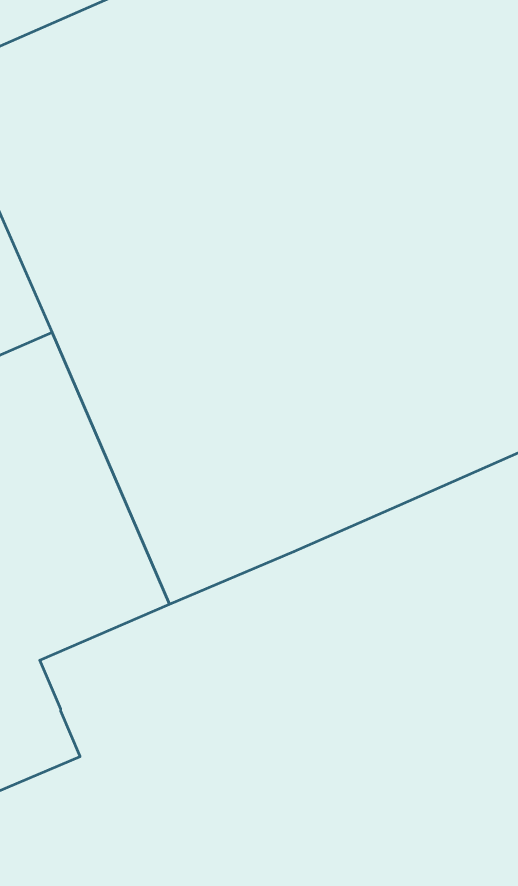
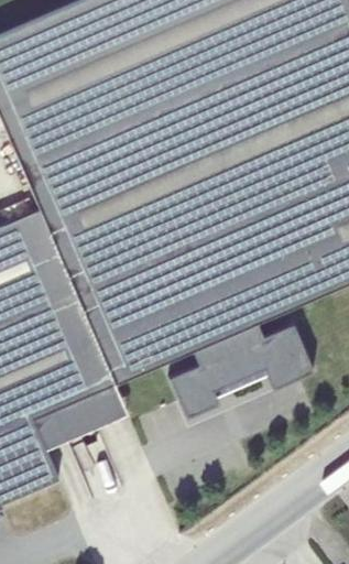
building: none -> [166,321,313,416]
building: none -> [32,382,126,448]

